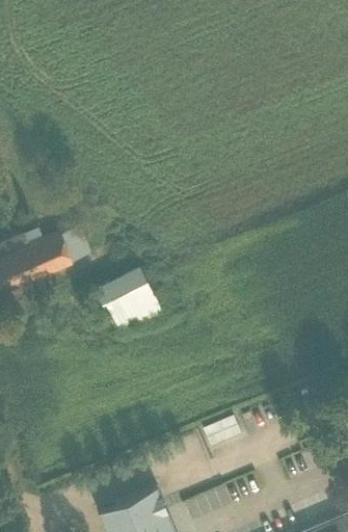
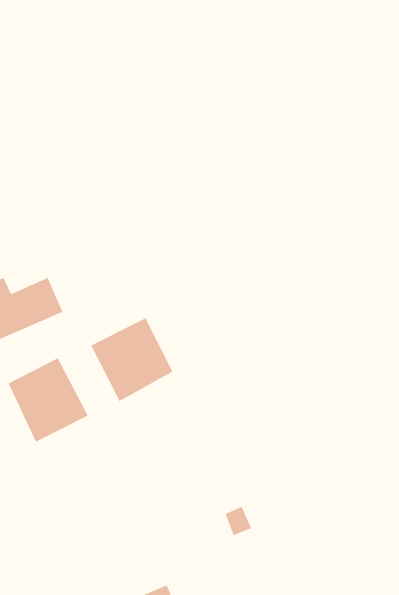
building: none -> [7,357,89,443]

